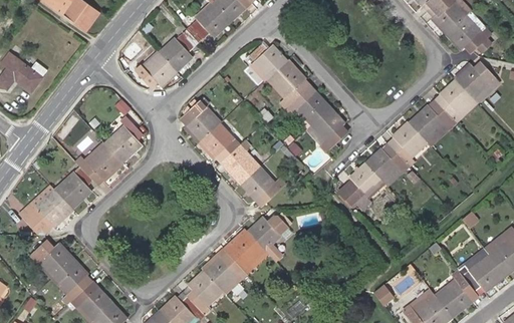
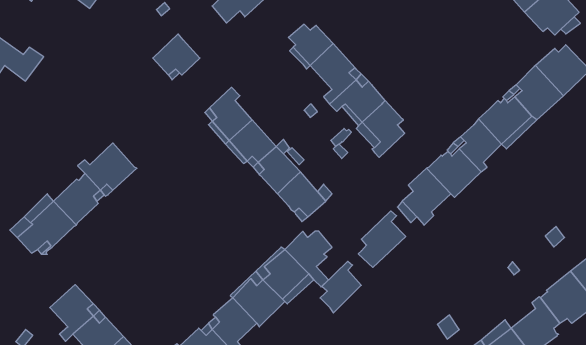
building: [159,29,199,72] -> none
building: [104,120,144,164] -> none
building: none -> [358,211,406,267]
building: none -> [320,261,361,313]
building: [34,243,73,279] -> none

